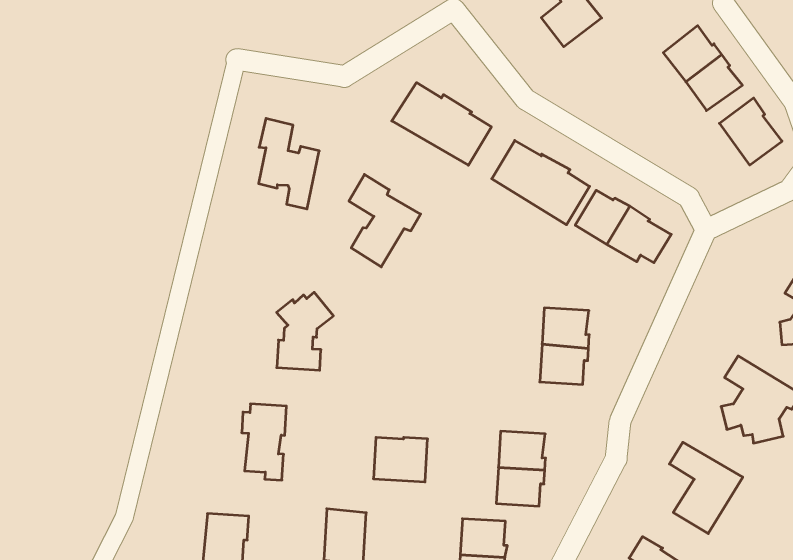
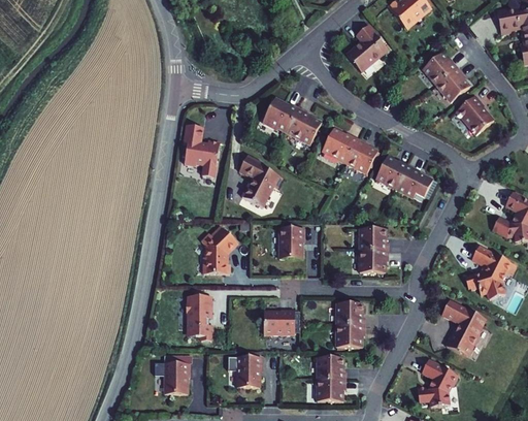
building: none -> [277,226,304,258]

